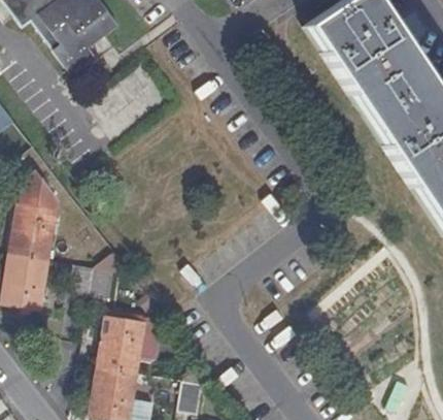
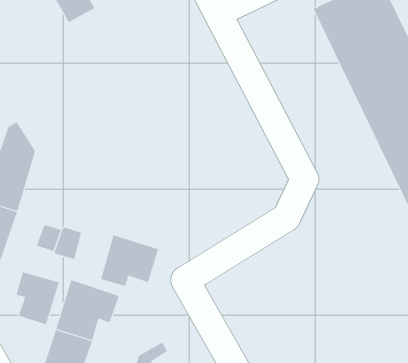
building: none -> [100,235,159,287]
building: none -> [16,271,60,325]

